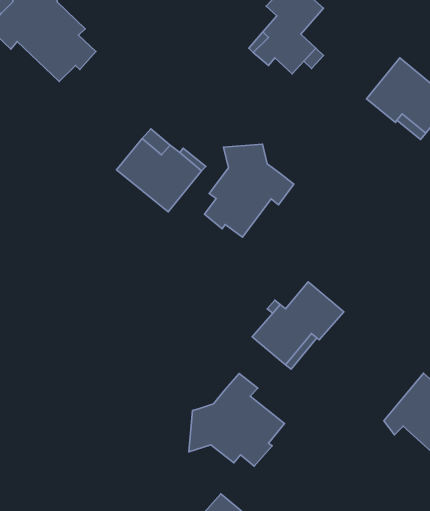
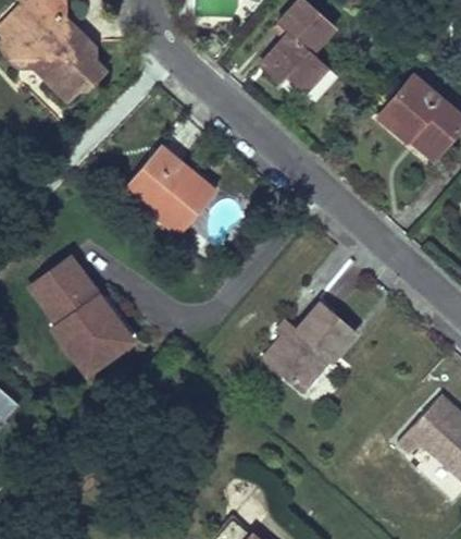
building: [204,144,294,237] -> none
building: none -> [22,248,137,375]
building: [189,373,285,466] -> none

